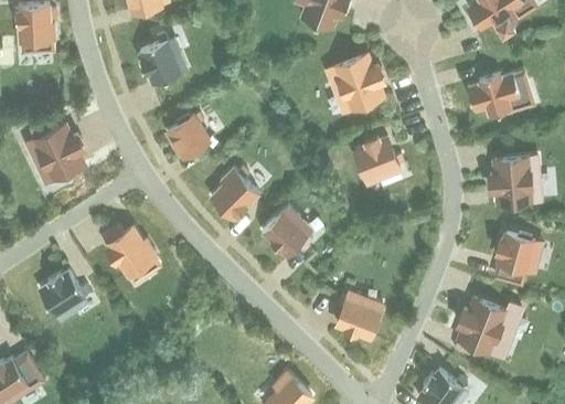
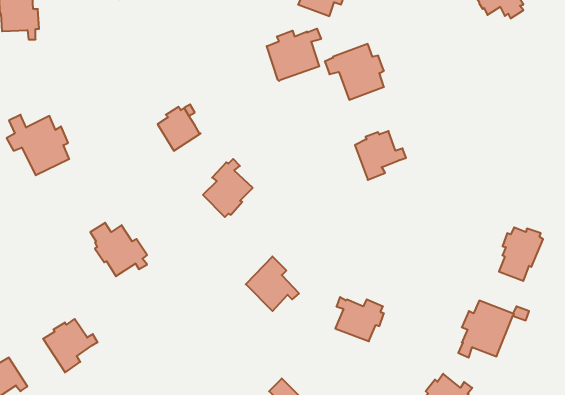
building: [139,34,188,85] -> none
building: none -> [267,29,321,81]
building: [467,74,524,117] -> none
building: [489,158,537,204] -> none
building: [262,206,312,258] -> [246,256,299,311]
building: [39,272,90,322] -> [43,319,98,372]

